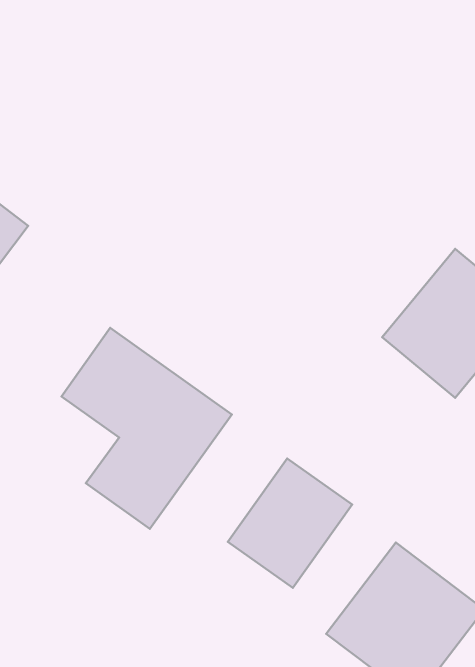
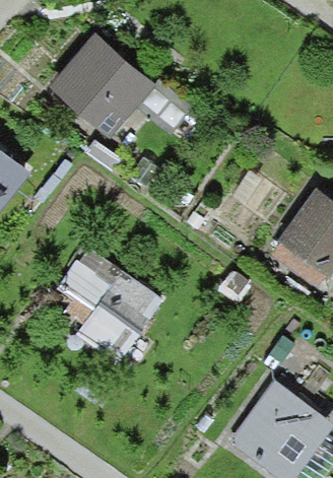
building: none -> [55,37,152,132]
building: [228,458,352,588] -> none

